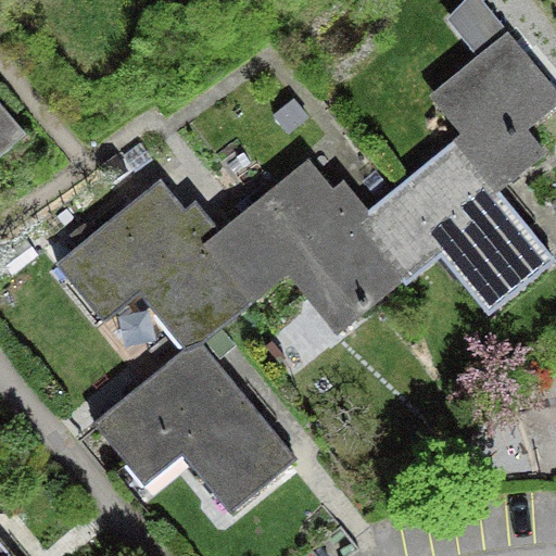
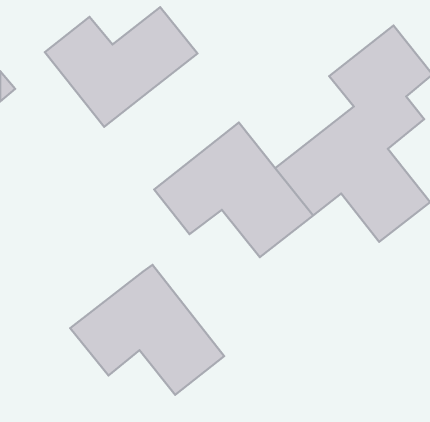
building: none -> [45,7,198,127]
building: [65,190,247,349] -> none

